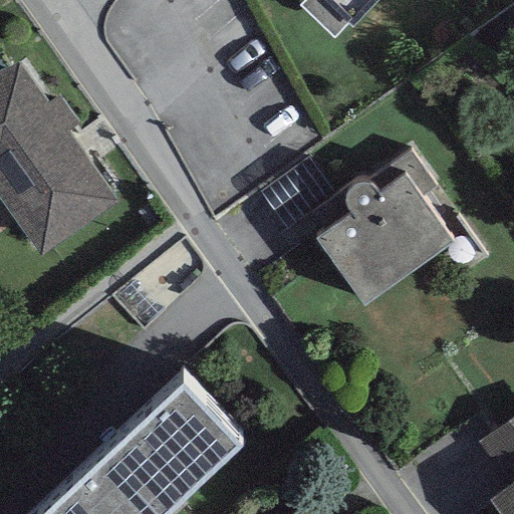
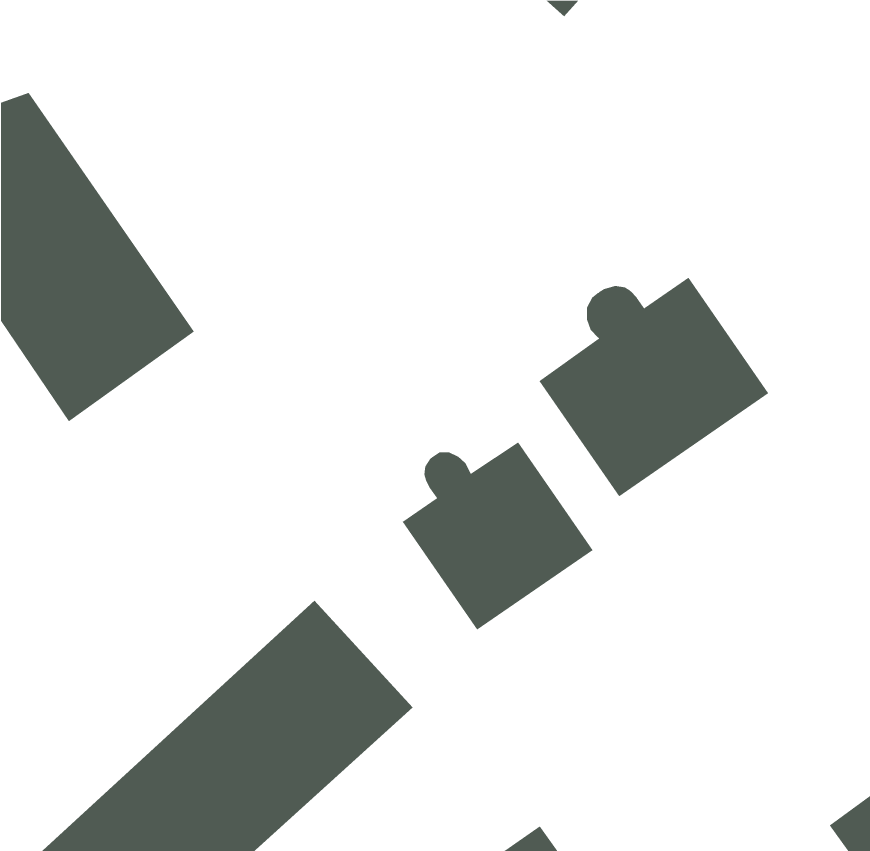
building: none -> [402,442,593,631]

